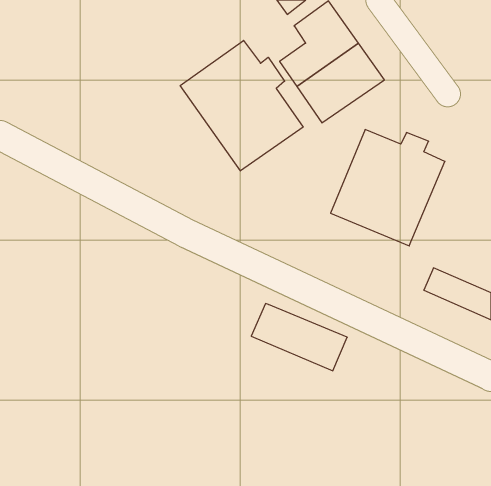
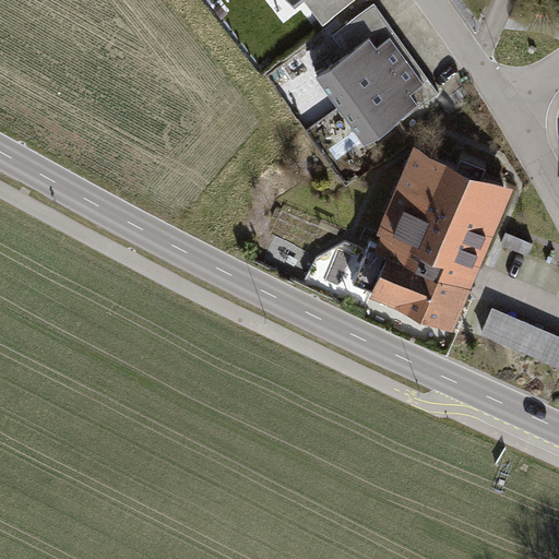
building: [180,40,303,171] -> none
building: [251,304,347,371] -> [356,247,465,323]

